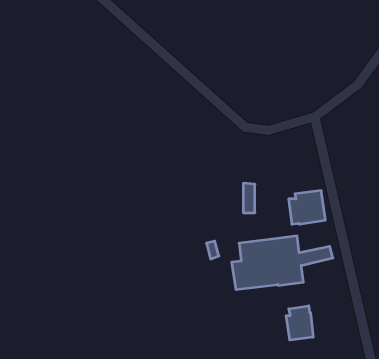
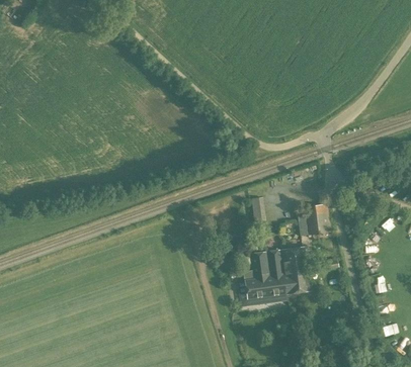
building: [286,306,313,340] -> none

